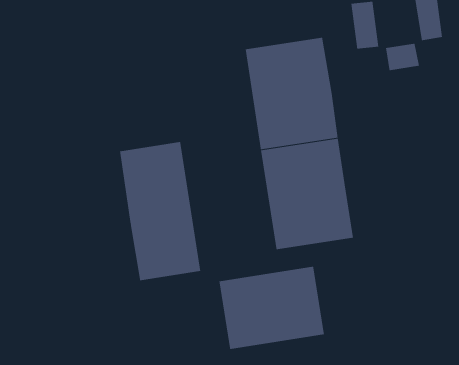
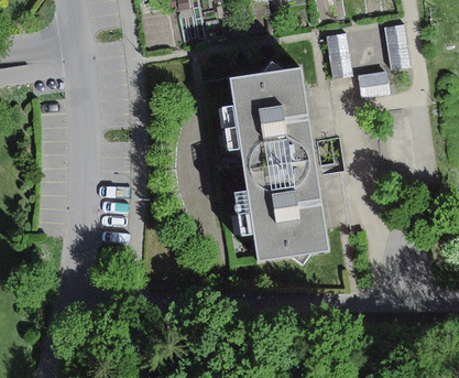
building: [120,141,201,281] -> none
building: [219,266,324,350] -> none

